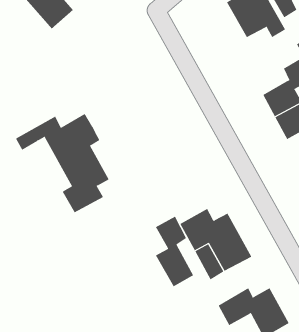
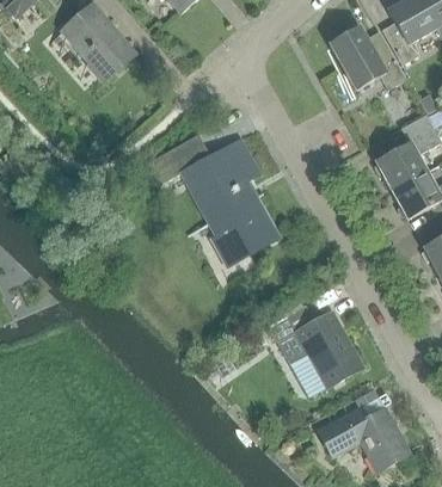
building: [15,113,110,213] -> [151,137,271,265]
building: [155,216,194,287] -> none

